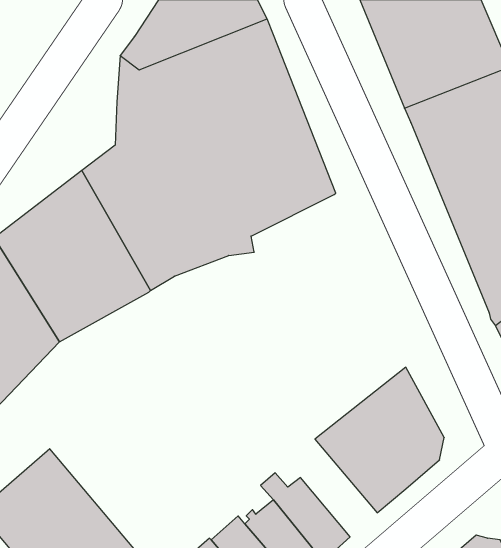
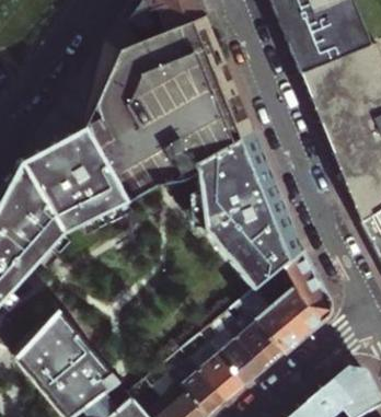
building: none -> [197,135,303,289]
building: none -> [222,302,284,369]

